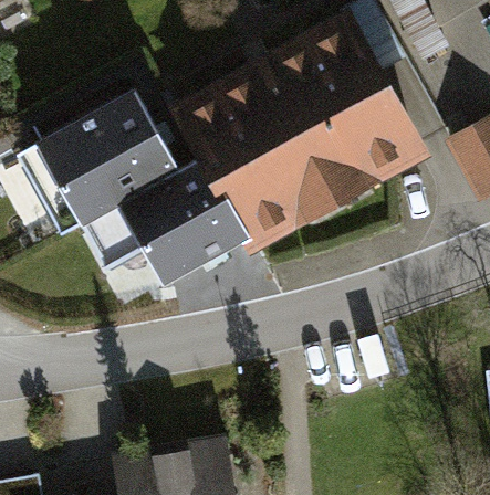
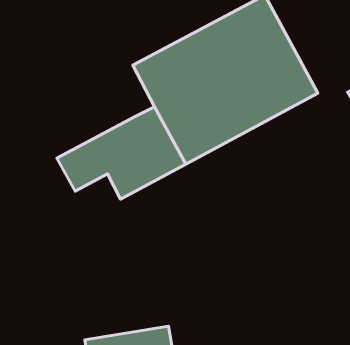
building: [37,93,181,231] -> none

